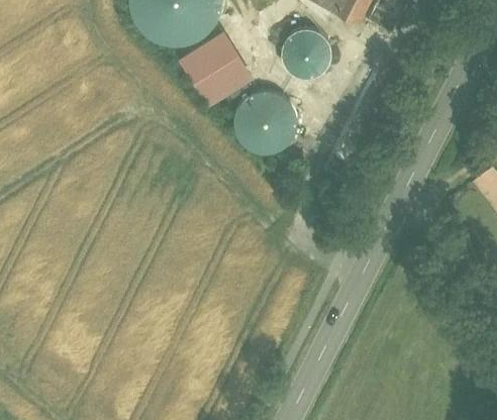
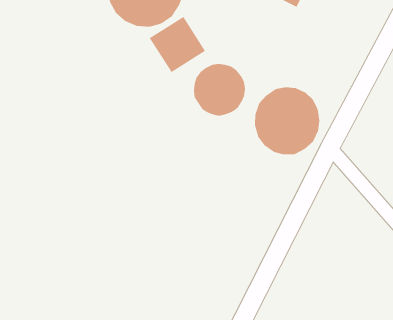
building: [281,27,330,78] -> none
building: none -> [254,86,320,155]

